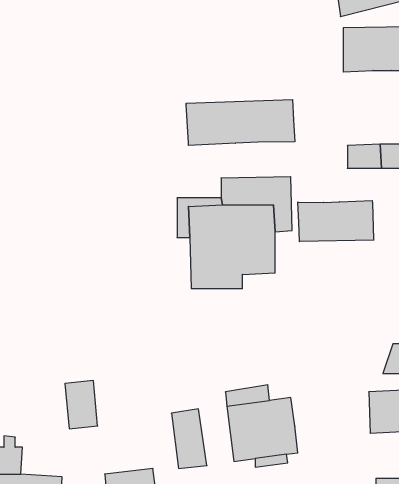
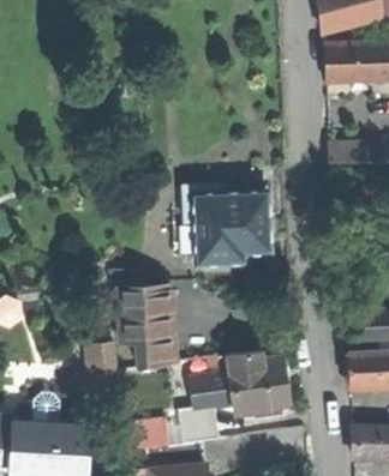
building: [186,100,295,145] -> none
building: [298,201,374,242] -> none
building: none -> [108,271,174,364]

